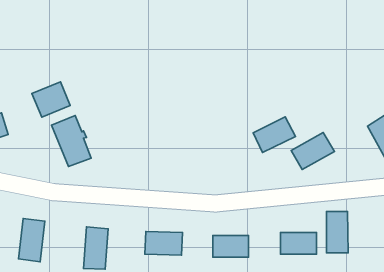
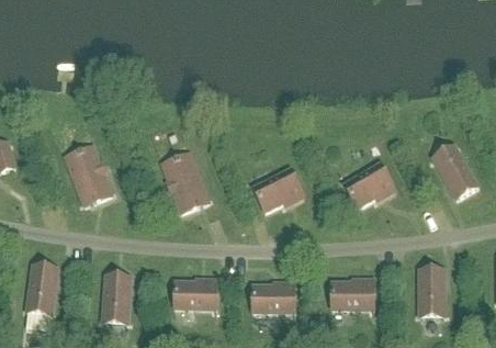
building: [32,82,70,117] -> none
building: [253,117,295,153] -> [253,172,303,214]
building: none -> [161,154,208,214]
building: [327,211,348,253] -> [419,270,444,318]

